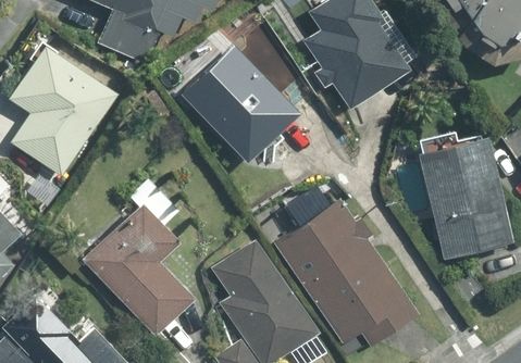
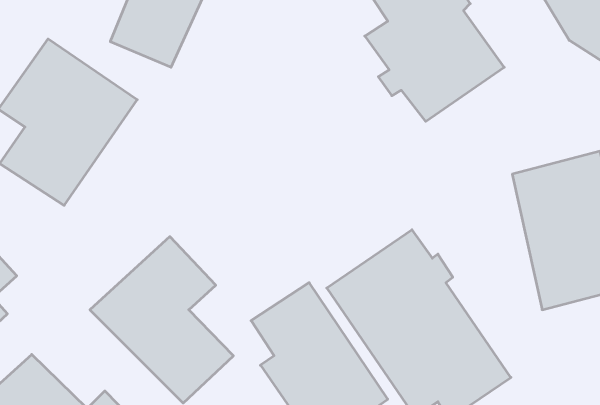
building: [193,54,303,160] -> none

